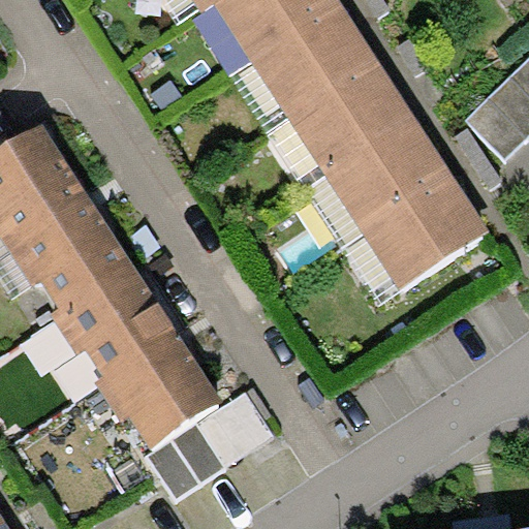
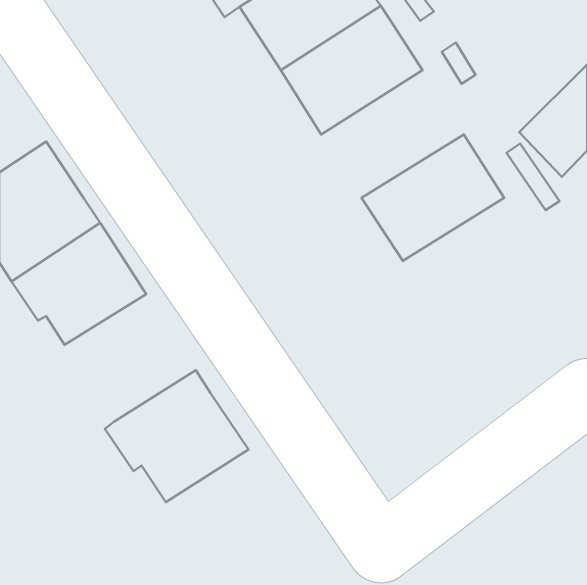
building: [288,63,416,178] -> none
building: [362,178,489,292] -> none
building: [51,264,176,379] -> none
building: [145,391,274,500] -> none

